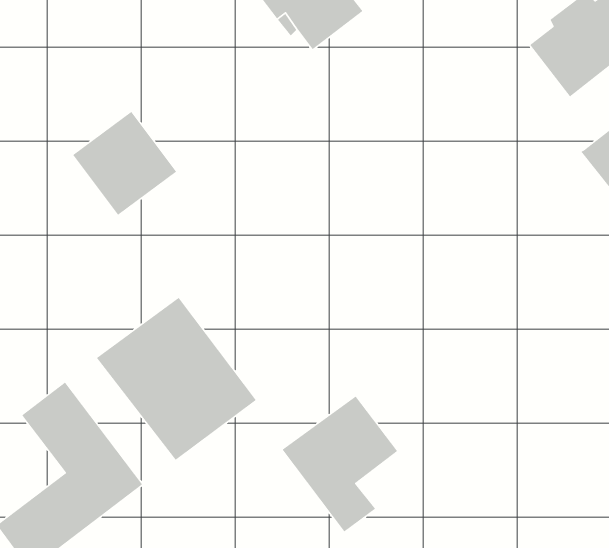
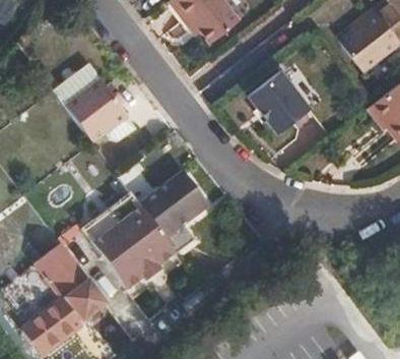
building: none -> [53,62,101,106]
building: none -> [248,68,310,132]
building: [281,395,398,532] -> [138,171,208,253]

